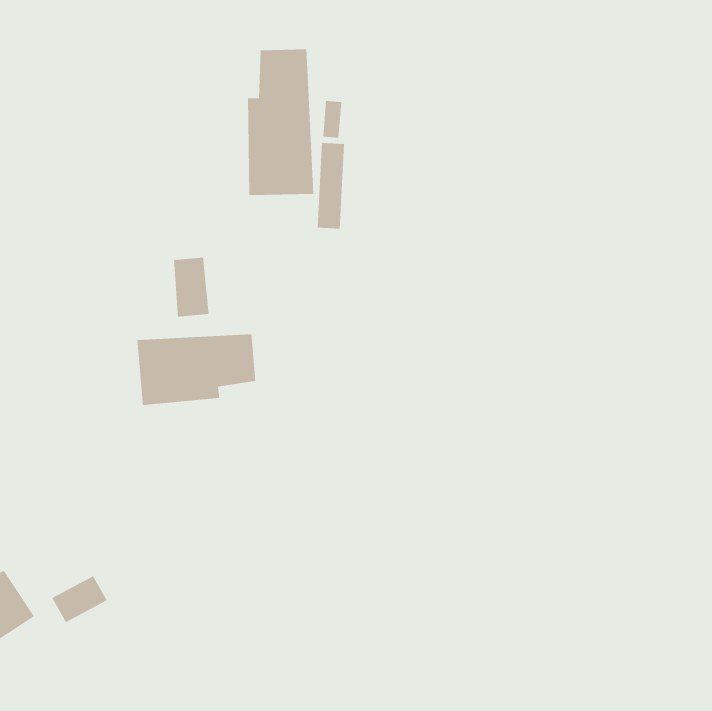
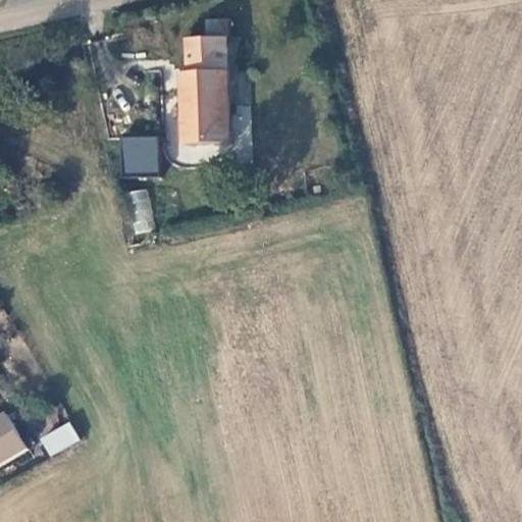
building: none -> [121,135,157,172]
building: [137,333,256,406] -> none

